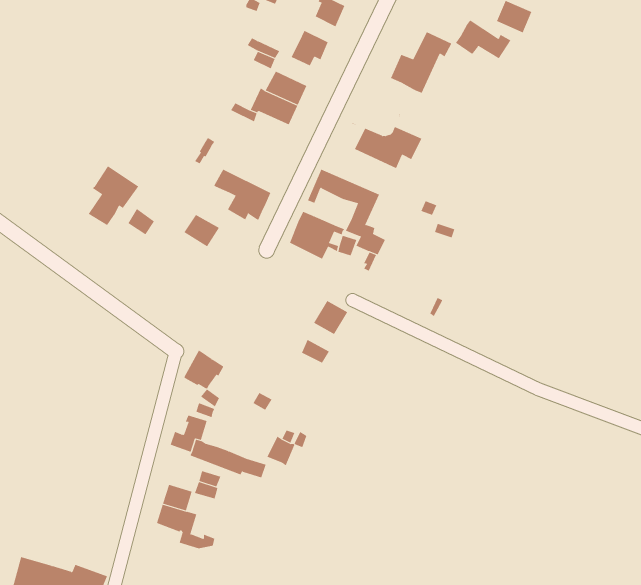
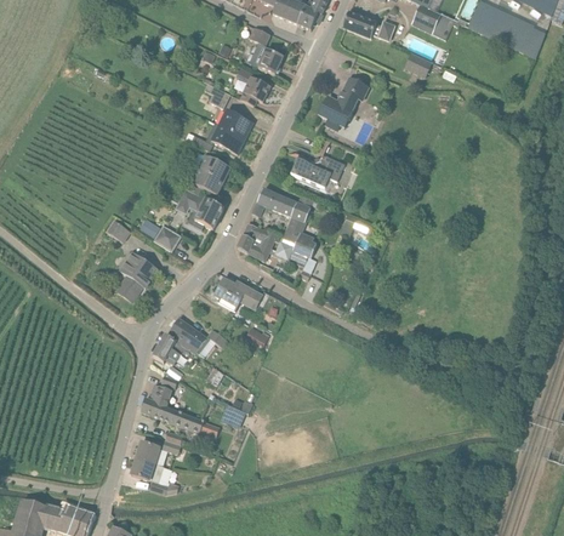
building: [455,19,511,59] -> none
building: none -> [190,152,227,194]
building: [88,166,139,226] -> [116,252,158,301]
building: none -> [215,278,262,310]
building: none -> [170,318,228,358]

